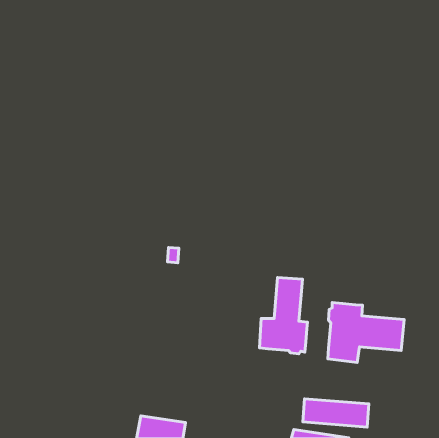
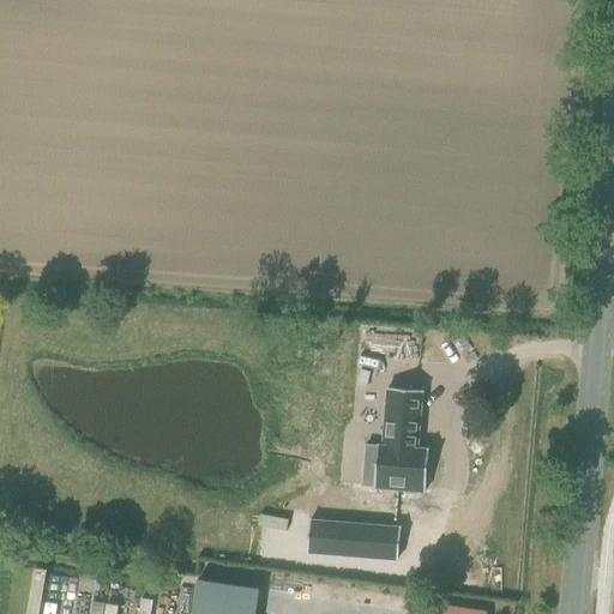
building: [328,303,404,362] -> none
building: [303,399,369,427] -> [307,520,399,560]

